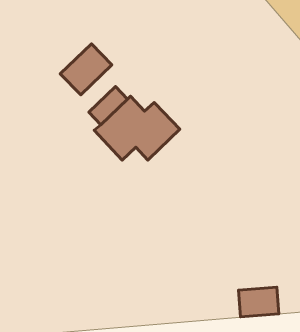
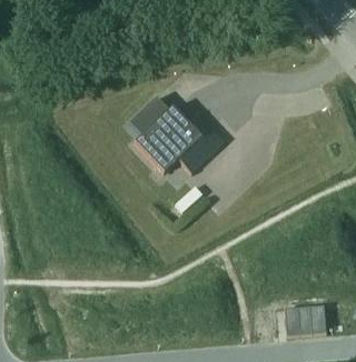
building: [60,44,112,95] -> none

